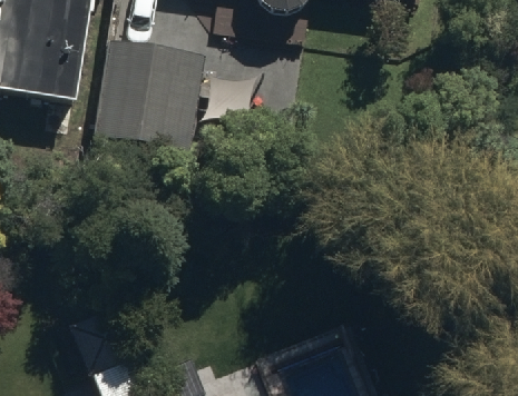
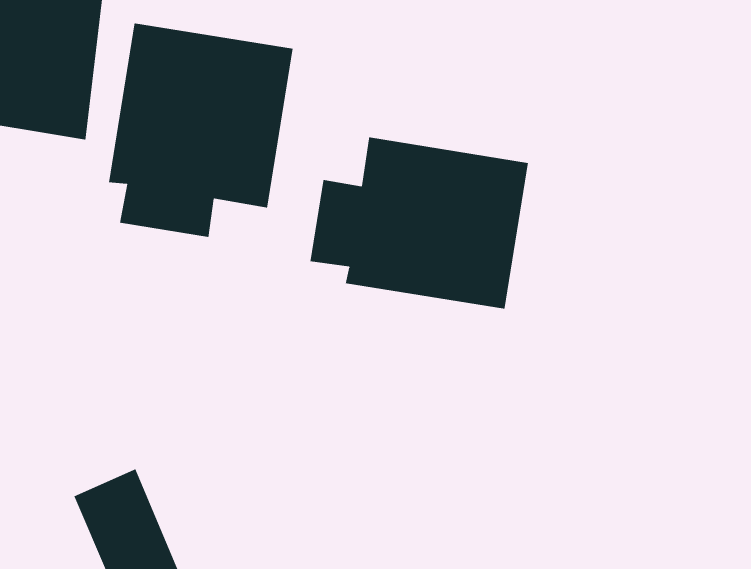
building: none -> [310,137,529,309]

